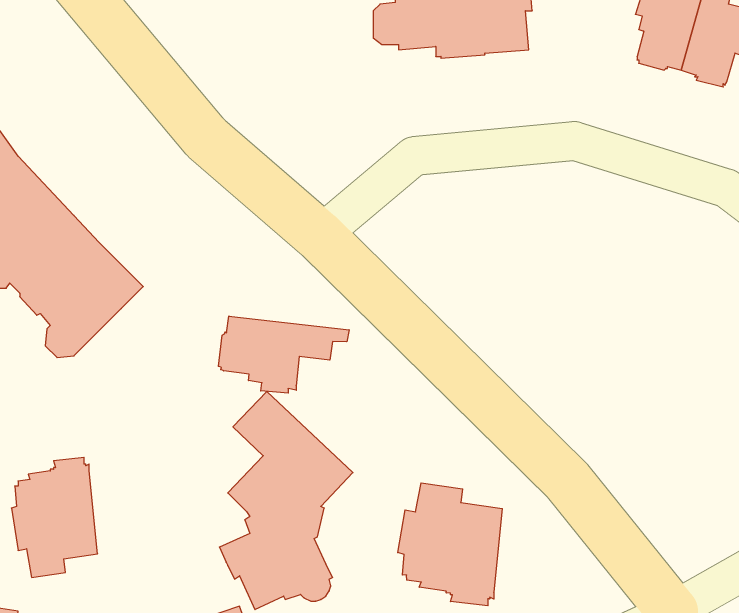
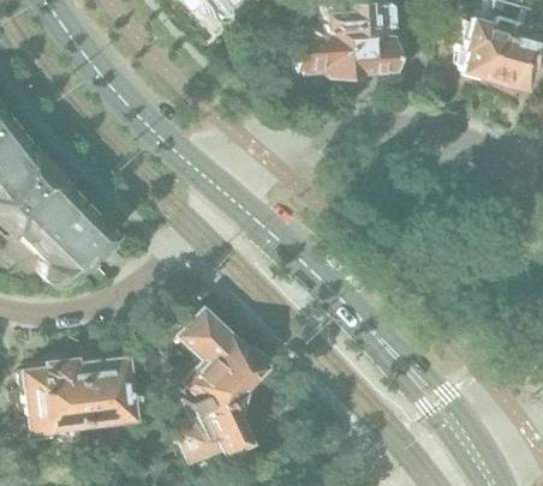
building: [218,316,349,393] -> none
building: none -> [80,353,142,430]
building: [398,483,502,606] -> none

